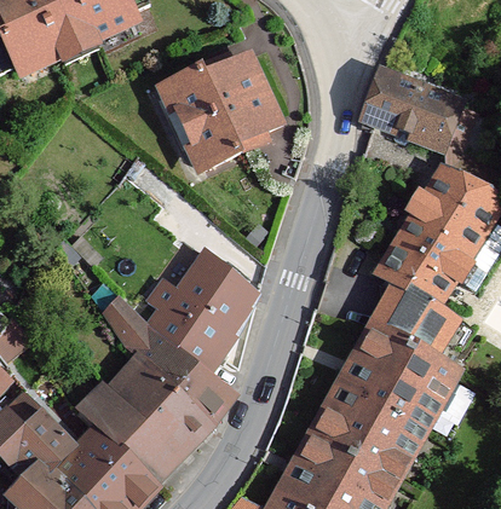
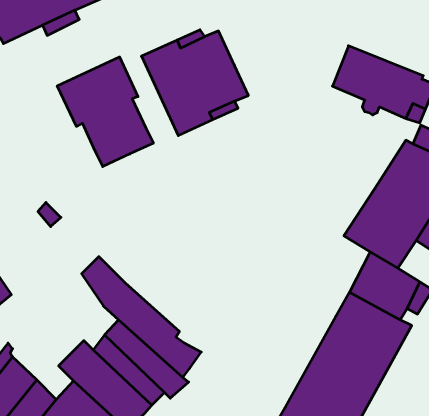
building: none -> [57,57,153,167]
building: [146,253,255,375] -> none

